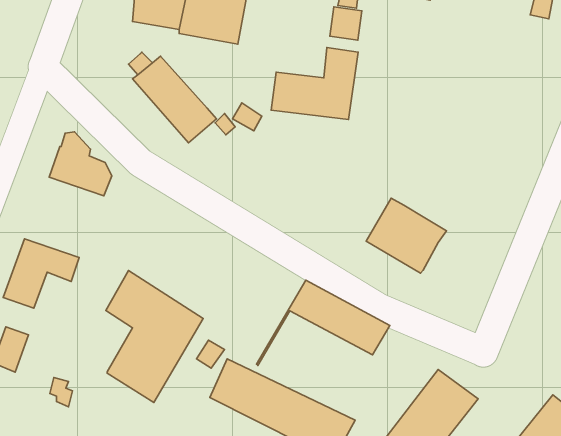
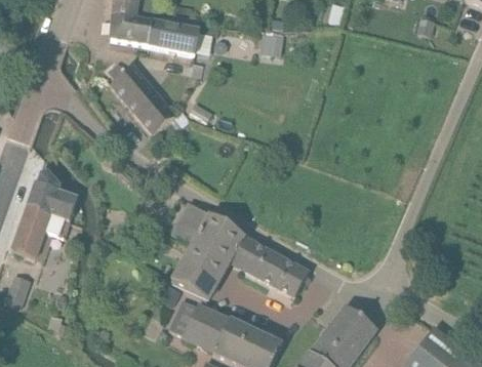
building: [271,47,358,120] -> none
building: [49,132,112,196] -> [28,171,76,220]
building: [366,198,447,273] -> none
building: [106,270,203,403] -> [169,201,244,302]

